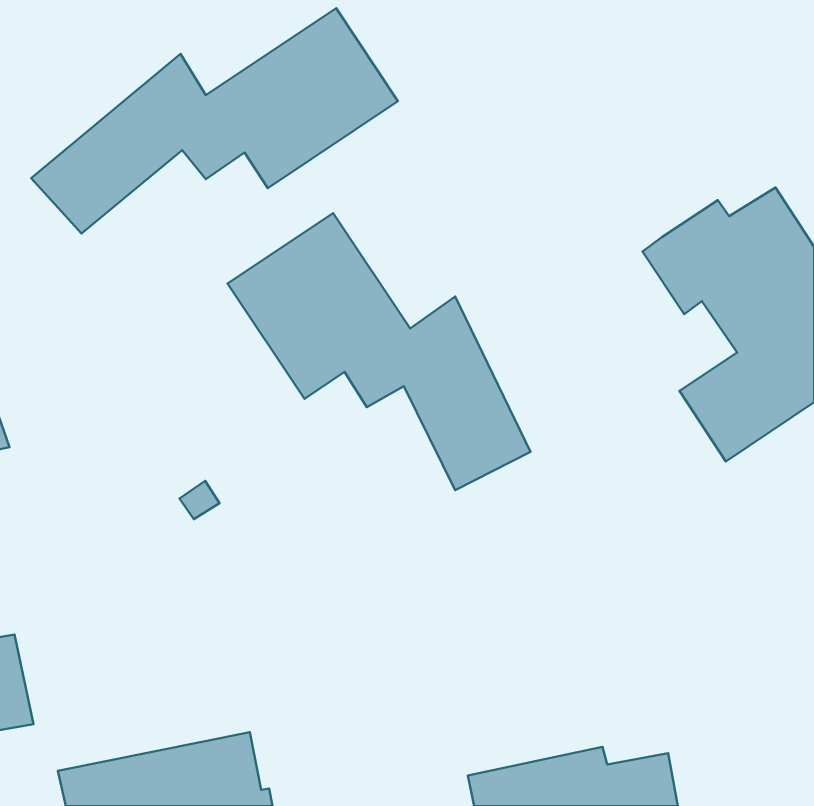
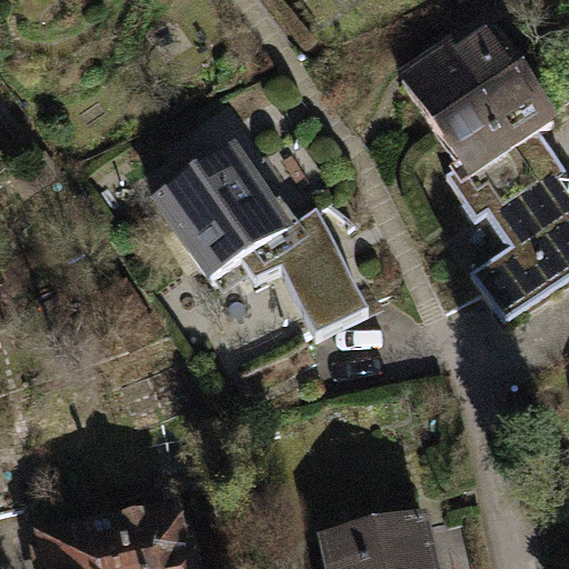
building: [31,8,398,233] -> none
building: none -> [403,27,549,164]

